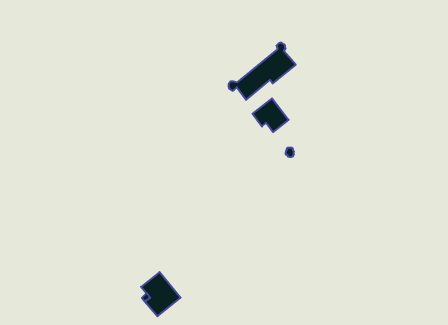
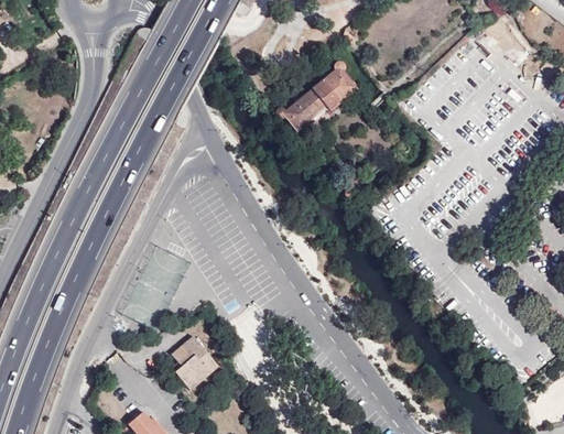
building: [253,98,289,132] -> none

